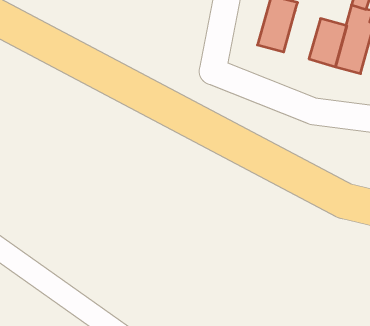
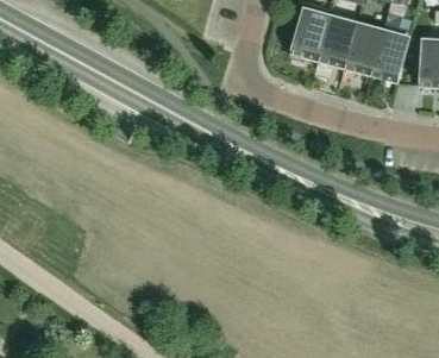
building: none -> [316,17,355,67]

